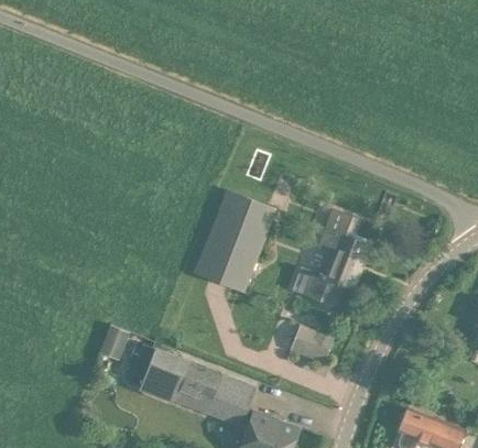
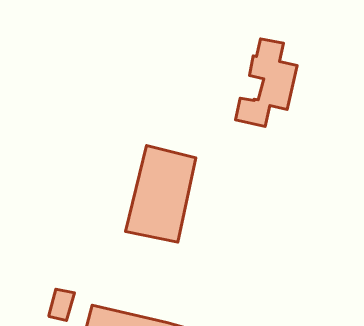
building: [297,210,369,302] -> [236,39,297,126]
building: [292,325,334,362] -> none

